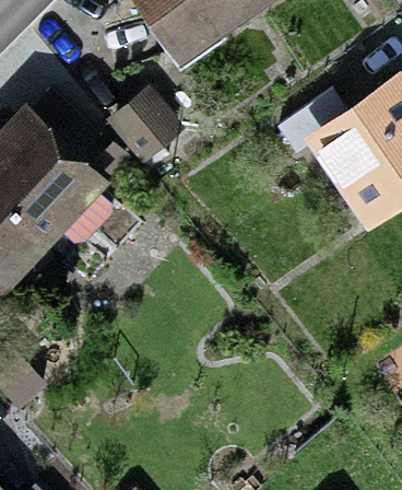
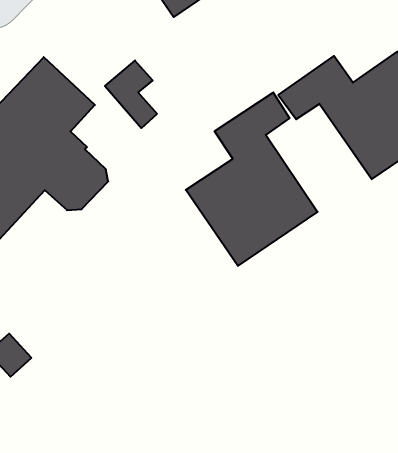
building: none -> [186,92,318,266]

